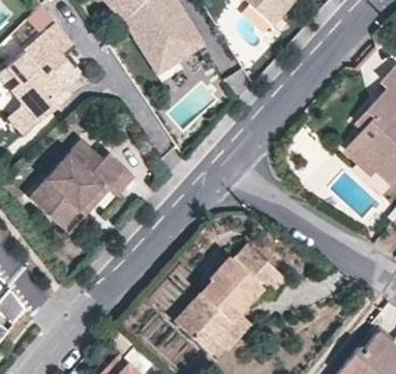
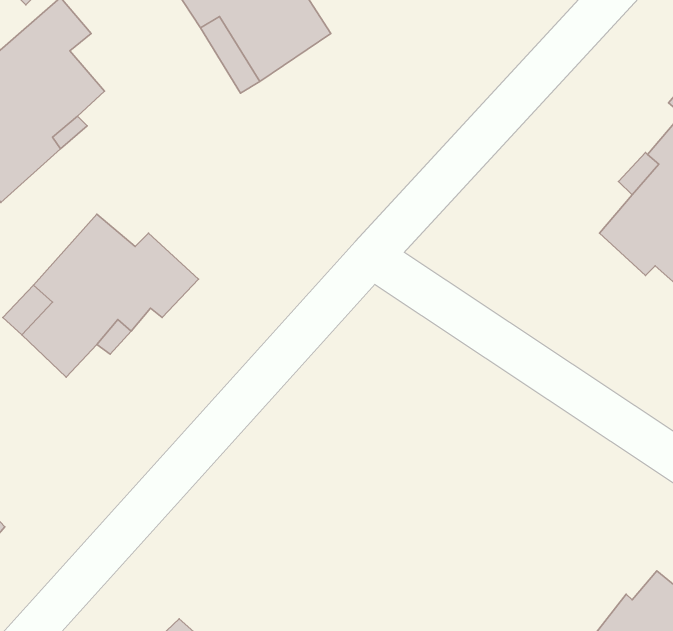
building: [174,243,284,352] -> none

